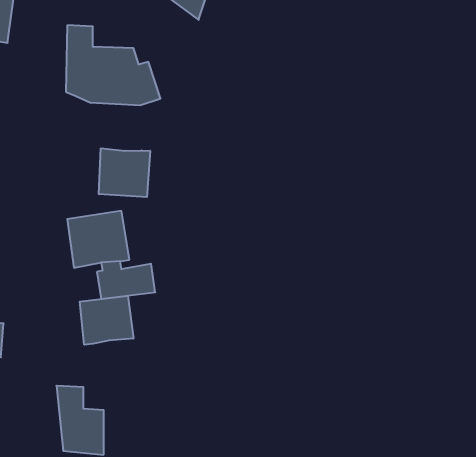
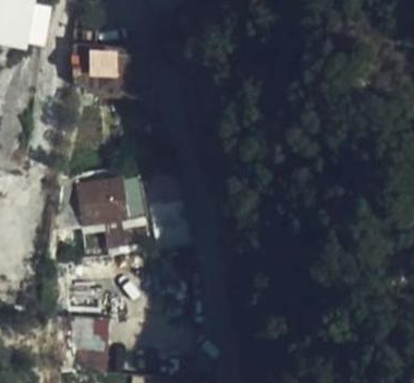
building: [99,148,150,197] -> none
building: [80,296,133,345] -> none

